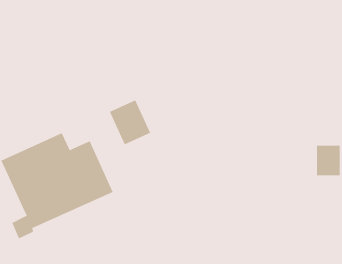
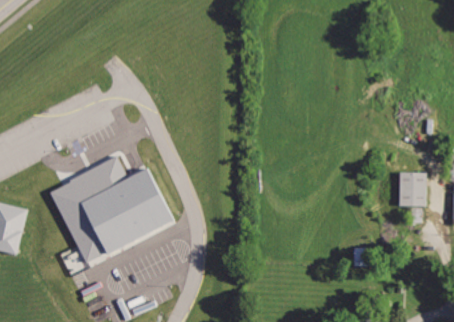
building: [109,99,151,145] -> none

